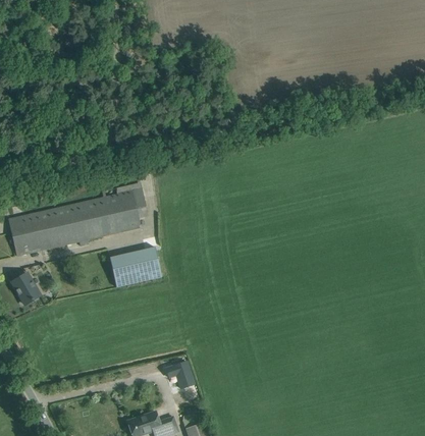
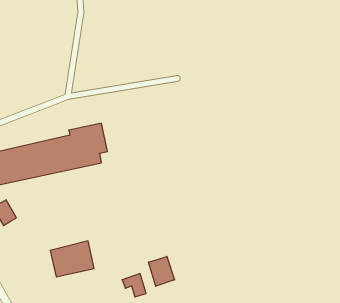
building: [108,247,160,289] -> [50,241,94,277]
building: none -> [149,256,175,286]

